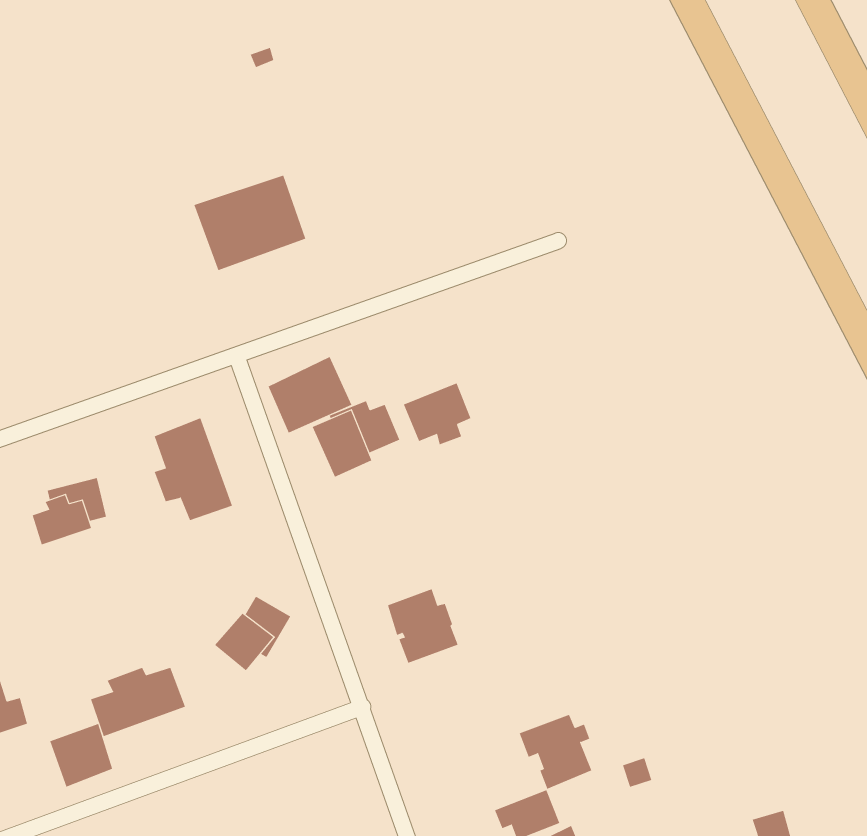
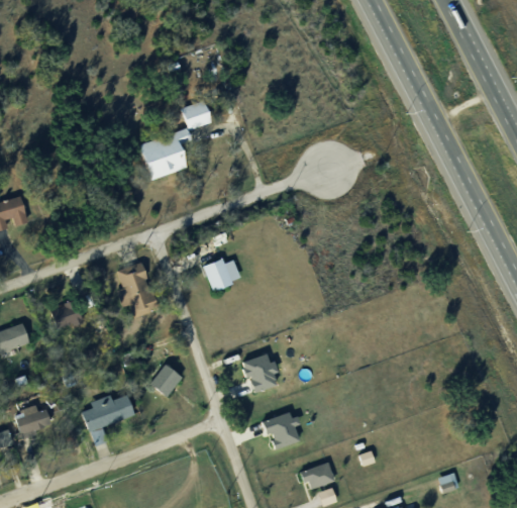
building: none -> [180,102,210,130]
building: [268,356,352,433] -> none
building: [403,383,471,445] -> none
building: [519,714,592,789] -> [261,410,300,450]
building: [50,723,113,788] -> none

